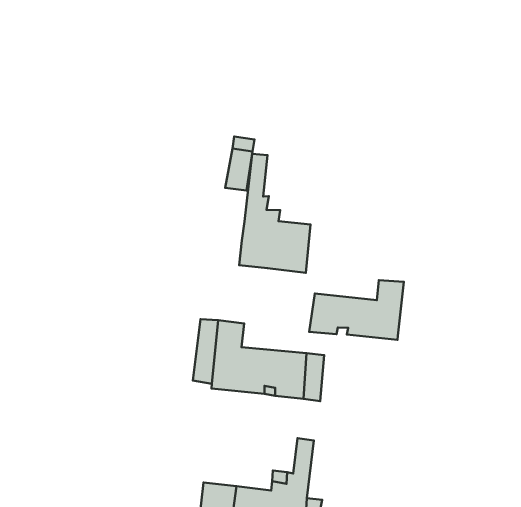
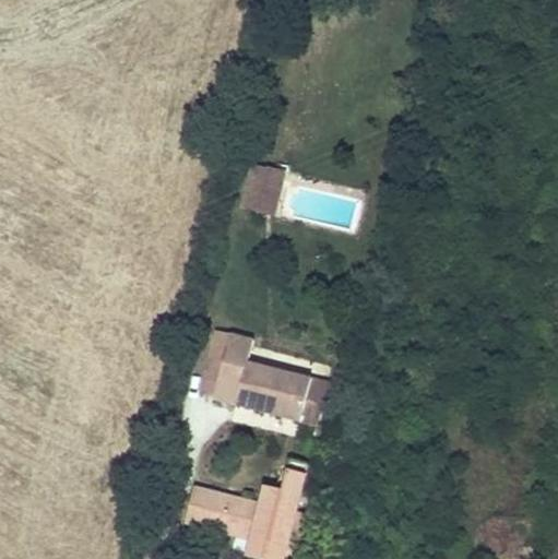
building: [239,154,310,273] -> none
building: [309,280,404,340] -> none

